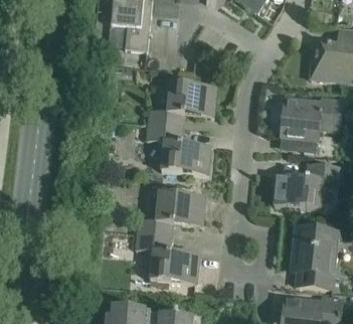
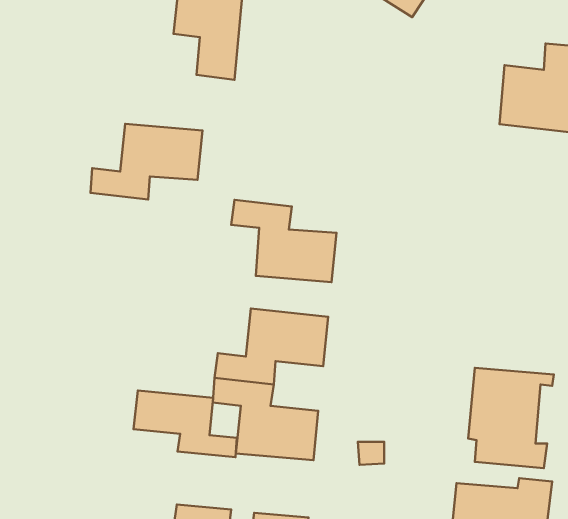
building: [148,82,216,128] -> [91,124,203,200]
building: [280,96,341,151] -> none
building: [273,162,341,208] -> none
building: none -> [134,390,237,457]

